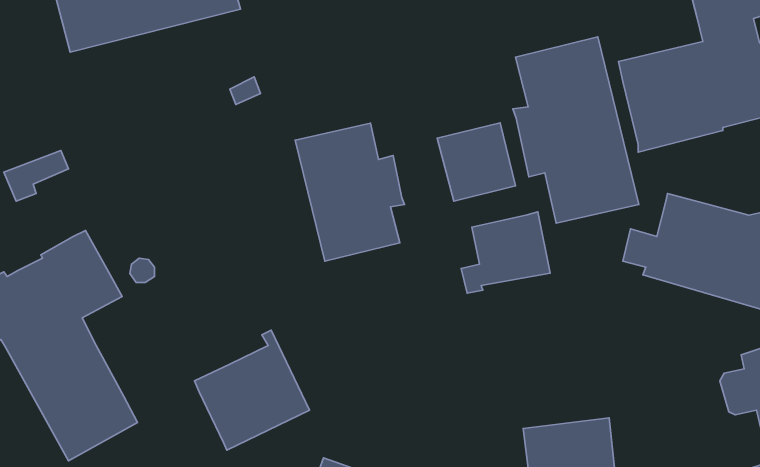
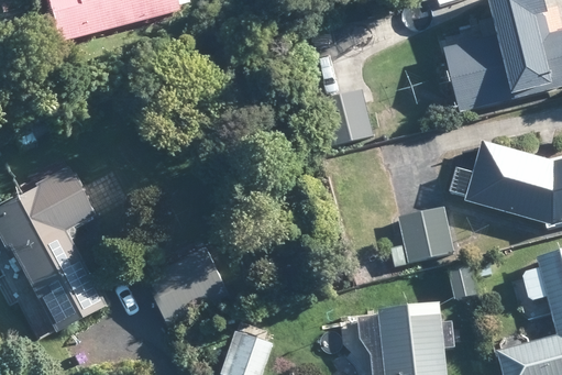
building: [513,37,639,223] -> none
building: [295,123,404,261] -> none
building: [461,212,550,293] -> [389,209,453,267]

